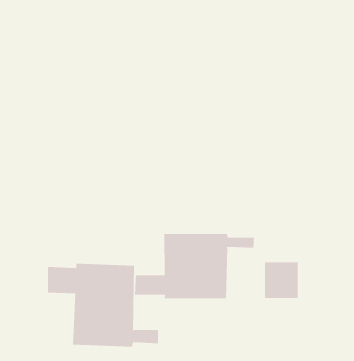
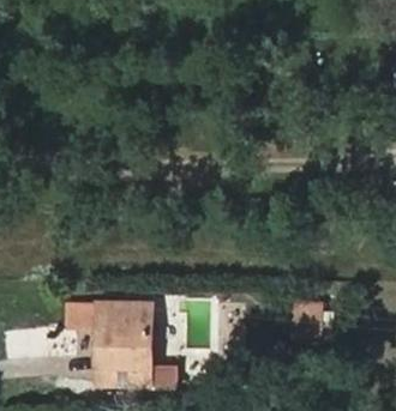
building: [134,233,254,299] -> none

